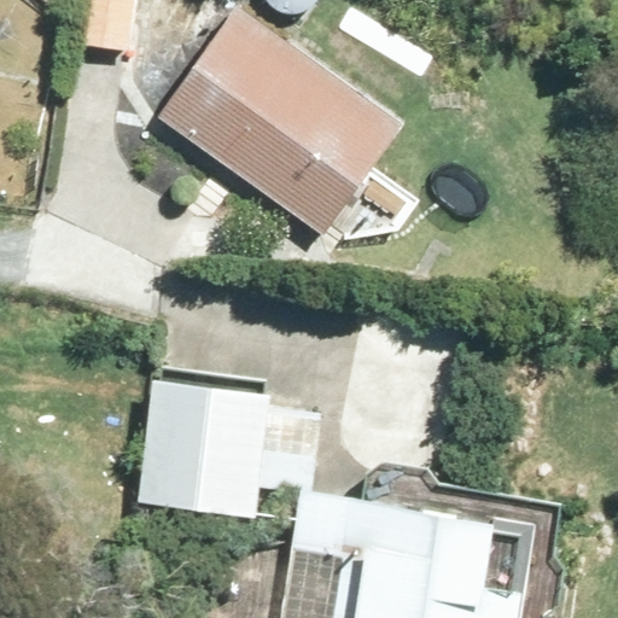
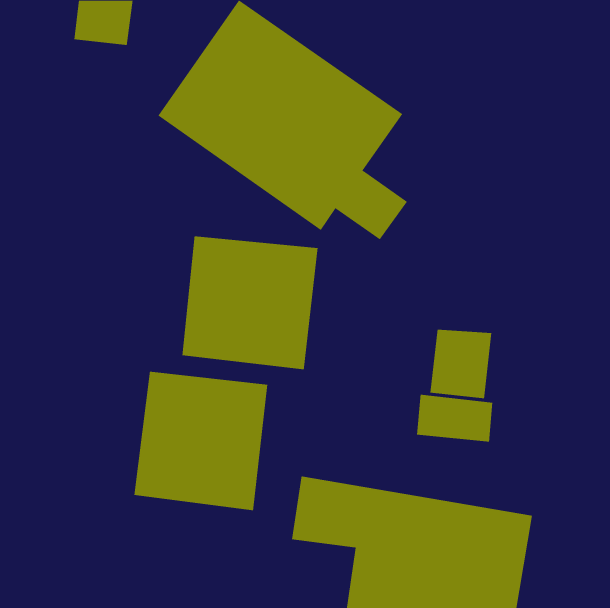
building: none -> [182,235,318,370]

